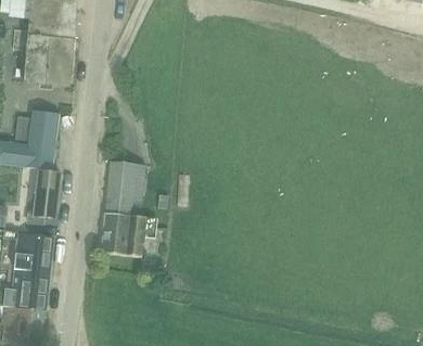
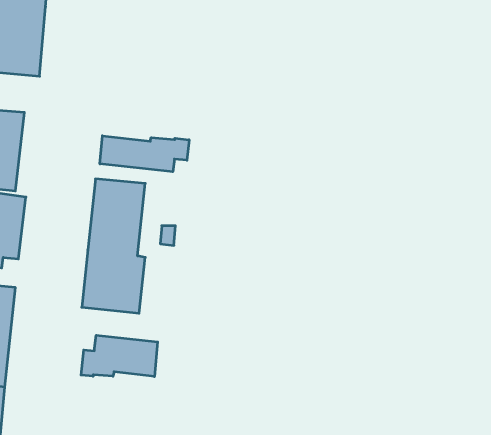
building: none -> [100,136,189,172]
building: none -> [81,335,158,377]

